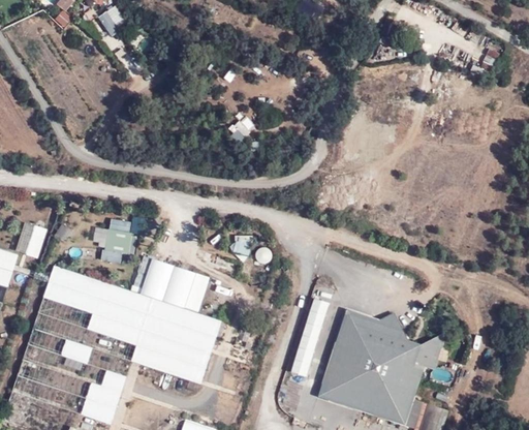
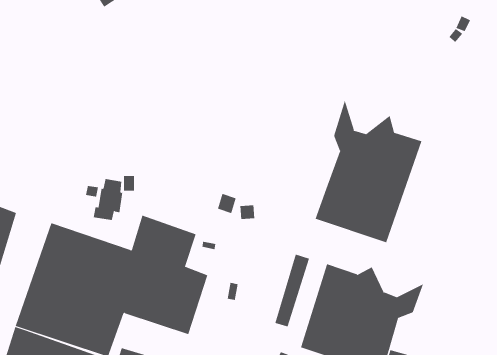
building: none -> [315,99,422,243]
building: [13,219,46,256] -> none

